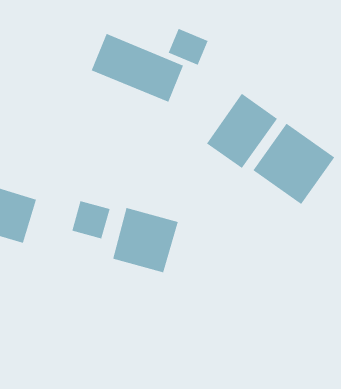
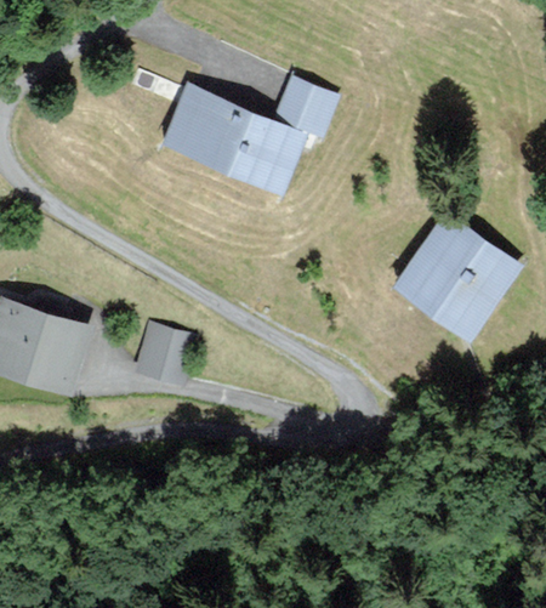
building: [206,93,278,169] -> none
building: [112,207,178,273] -> none

